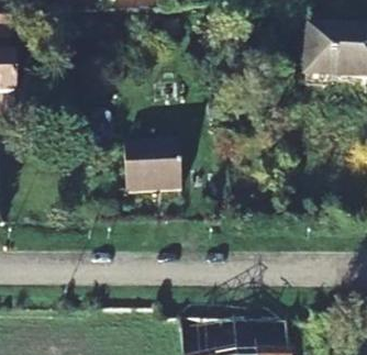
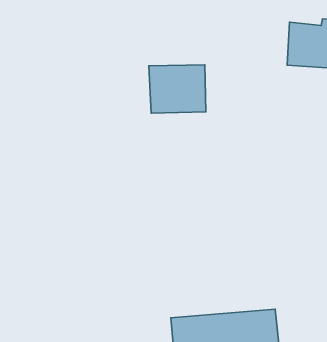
building: [119,144,176,192] -> [149,65,206,113]

